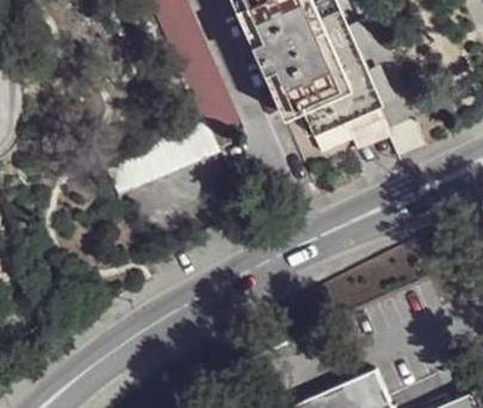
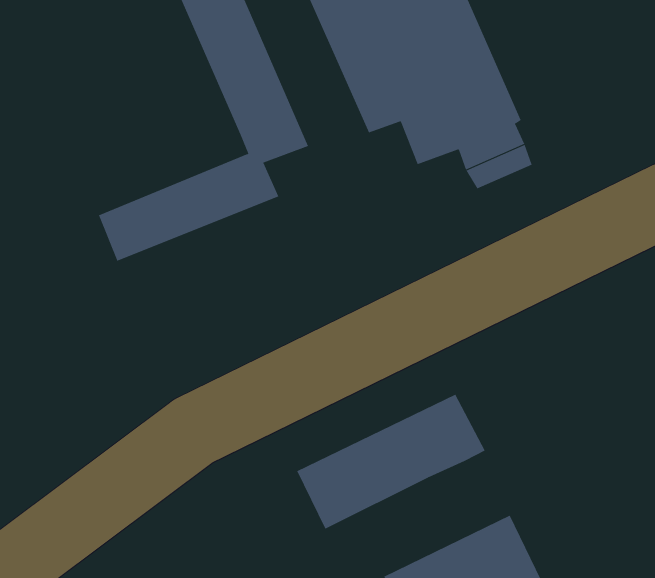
building: none -> [297,394,485,529]

